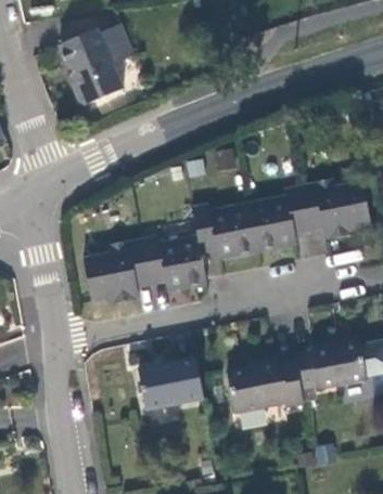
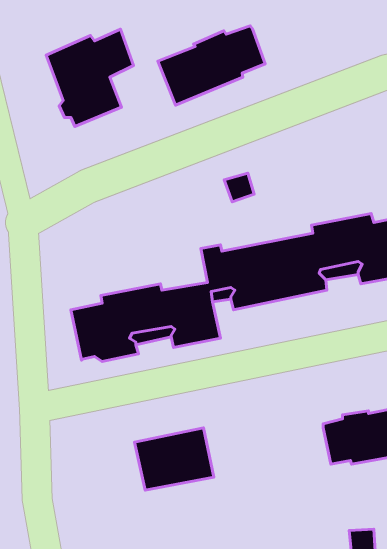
building: none -> [158,26,265,105]
building: [226,359,304,414] -> none

